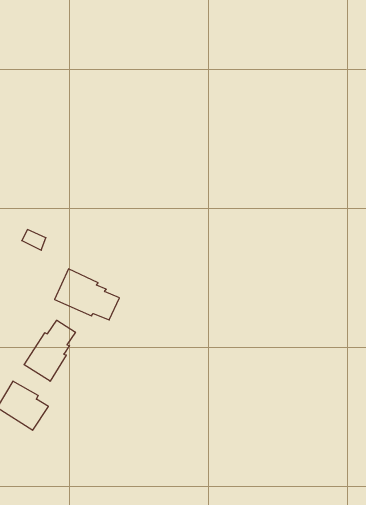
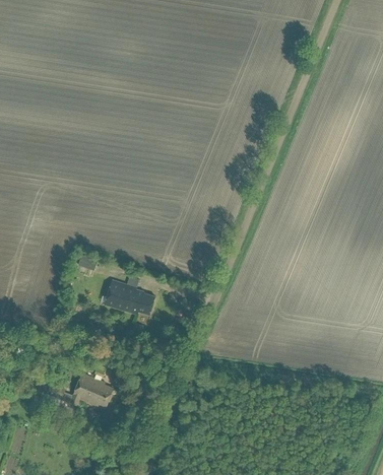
building: [24,320,75,381] -> none

